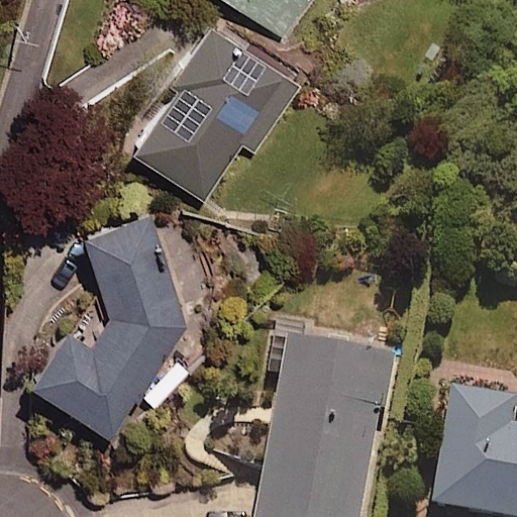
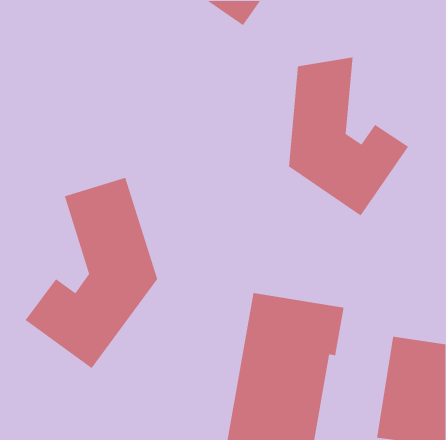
building: [130,19,301,201] -> none
building: none -> [288,57,409,216]

